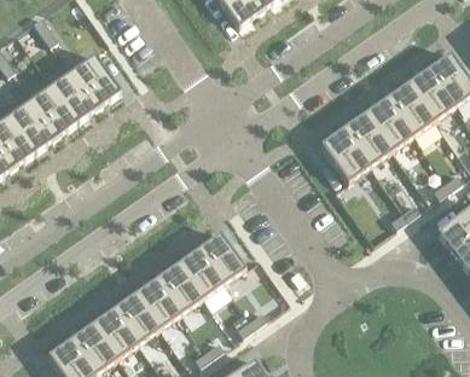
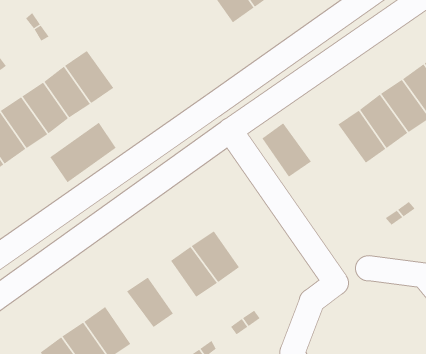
building: none -> [49,122,117,183]
building: [319,128,369,182] -> [262,123,312,177]
building: [153,263,201,315] -> none
building: [111,294,158,346] -> none

